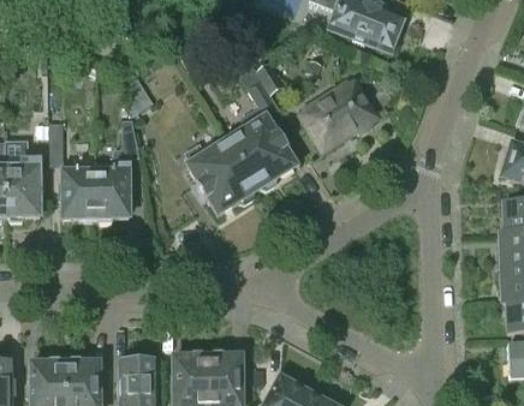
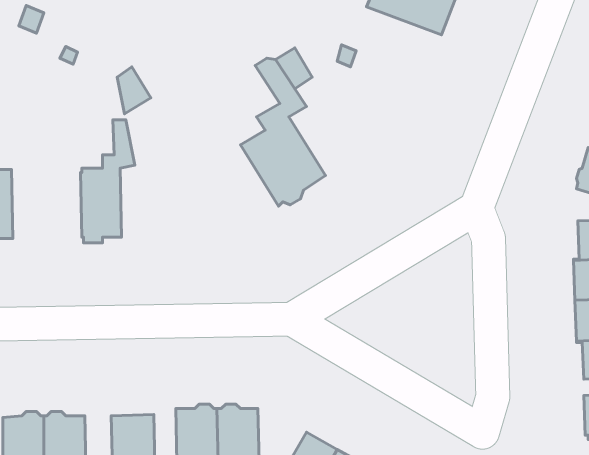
building: [300,78,376,149] -> none
building: [49,121,96,220] -> none
building: [185,139,257,214] -> none

